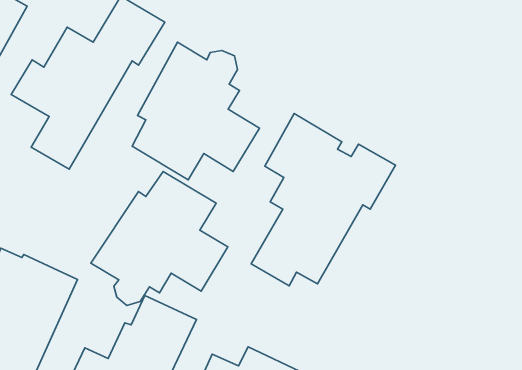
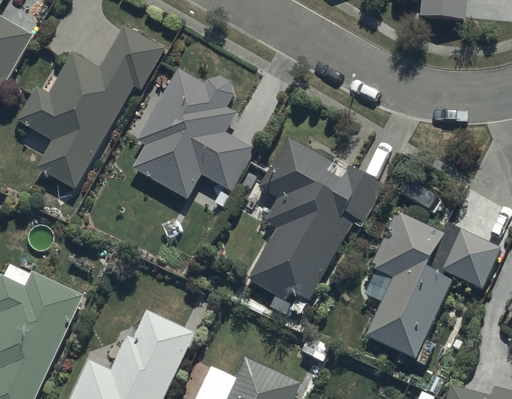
building: [91,172,228,306] -> none
building: none -> [366,212,499,366]

